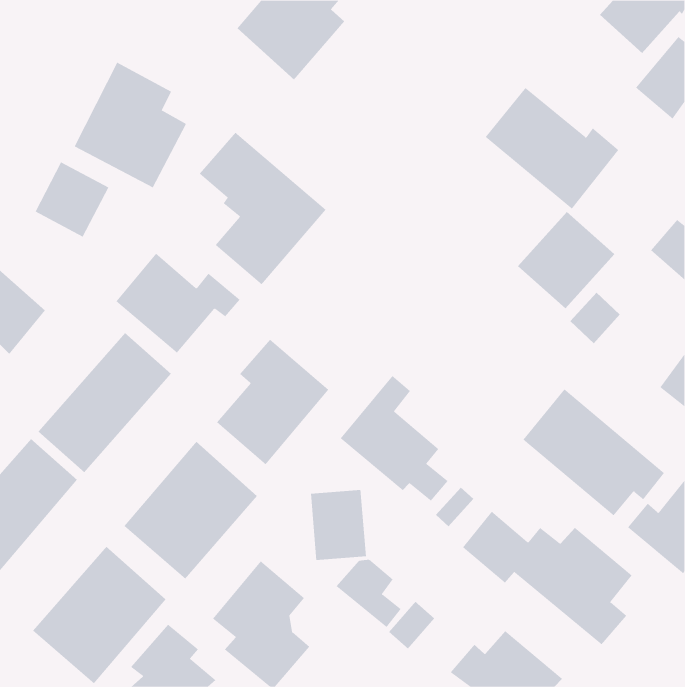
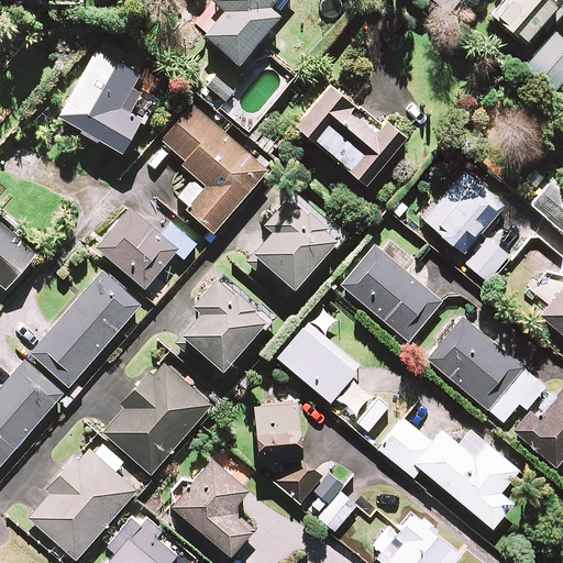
building: [485,87,619,209] -> [297,86,407,186]
building: [35,162,109,237] -> none
building: none -> [247,196,340,299]
building: none -> [342,246,442,341]

